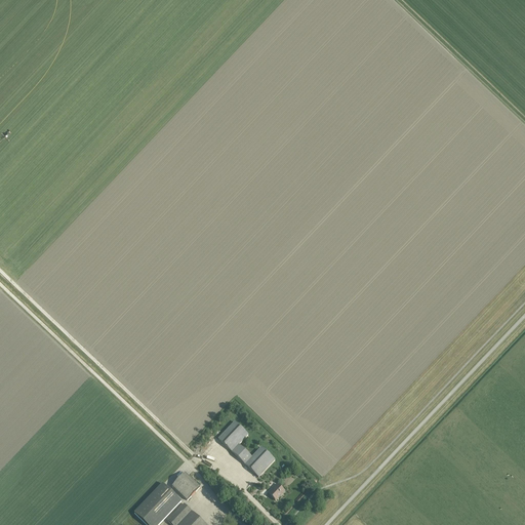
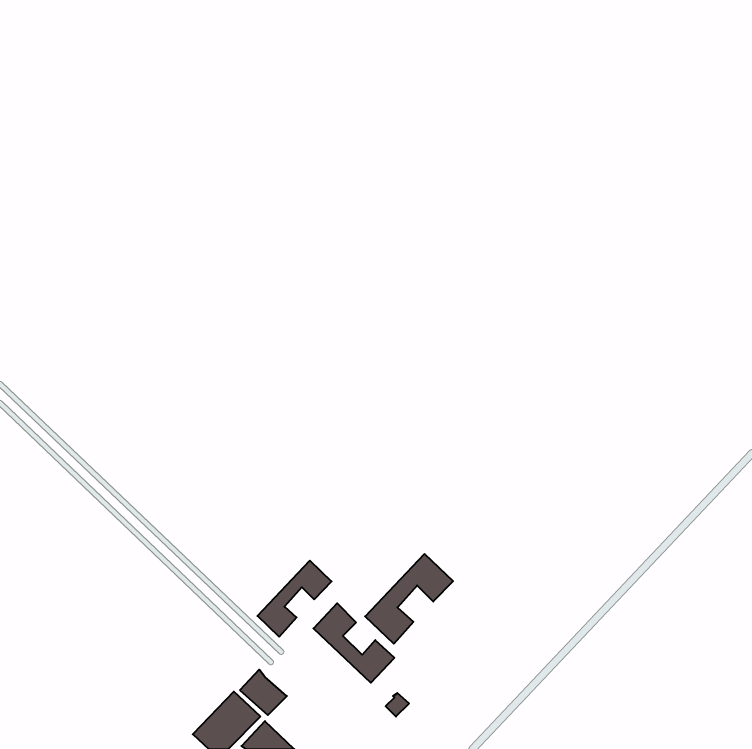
building: none -> [365,554,453,644]
building: none -> [257,561,332,637]

